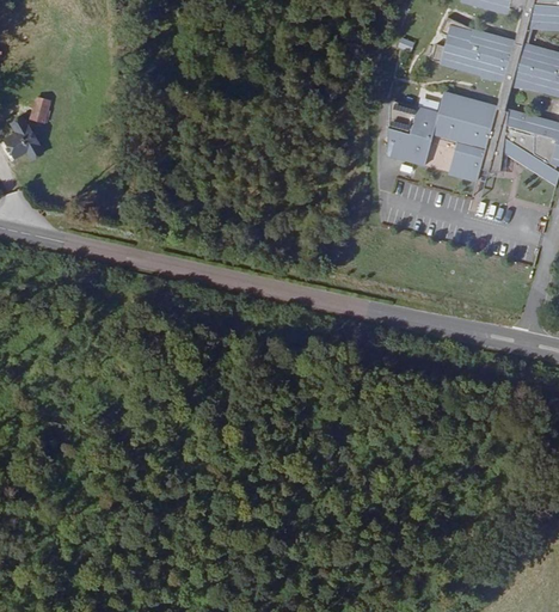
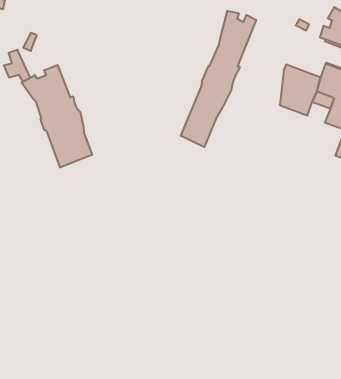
building: none -> [181,11,256,147]
building: none -> [22,65,92,168]

